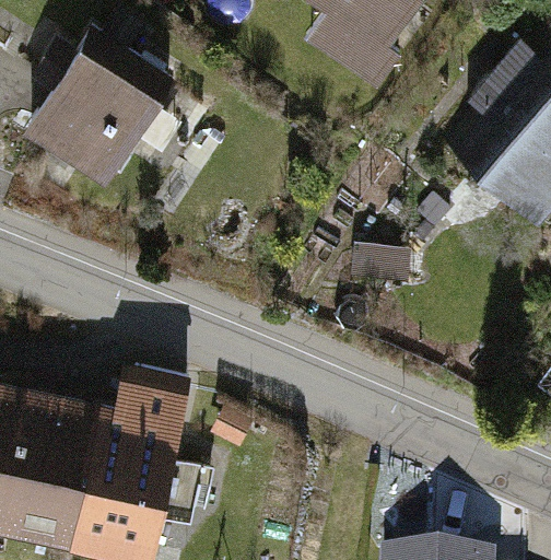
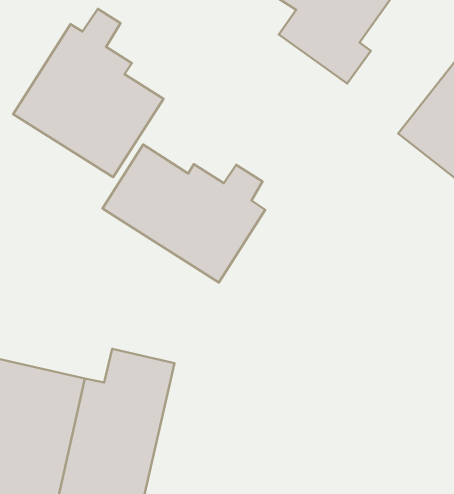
building: none -> [103,145,265,283]

